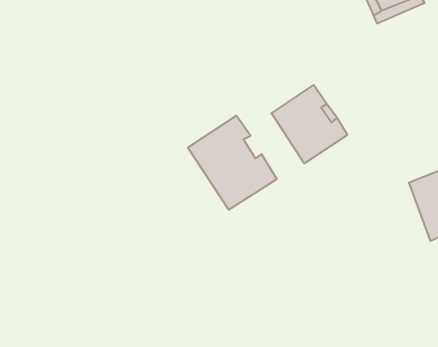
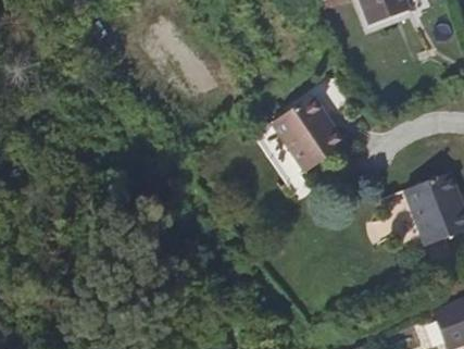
building: [188,116,277,210] -> none

